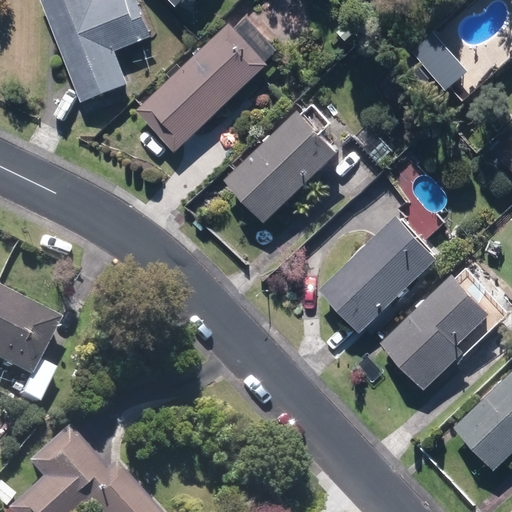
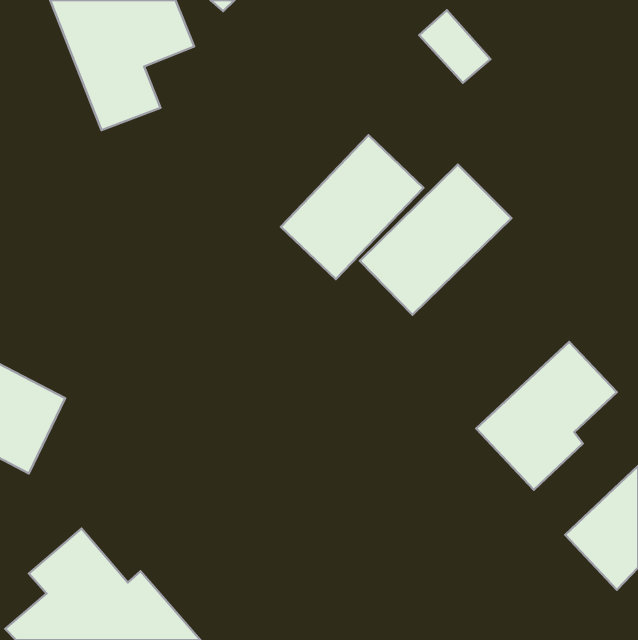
building: [137,23,268,153] -> none
building: [413,33,470,91] -> [419,10,491,83]
building: [319,213,440,333] -> [360,164,512,315]

